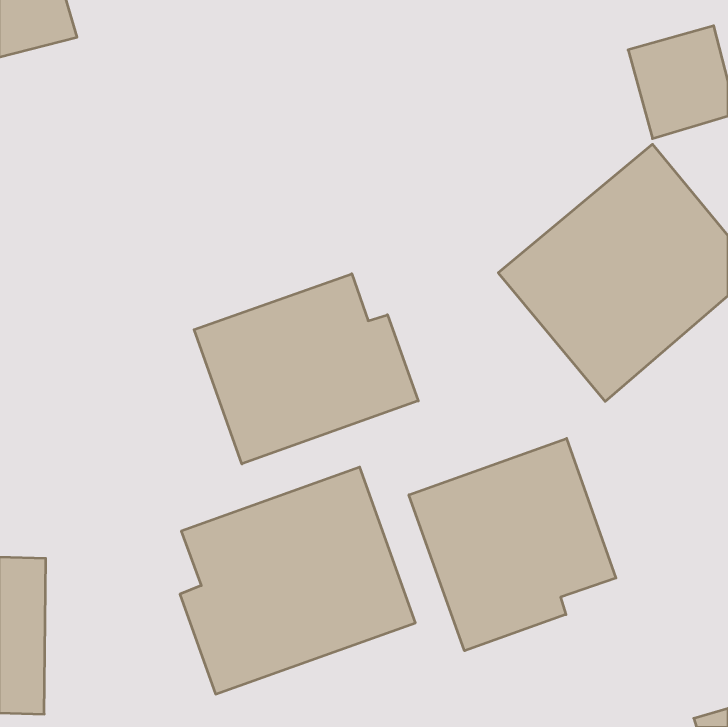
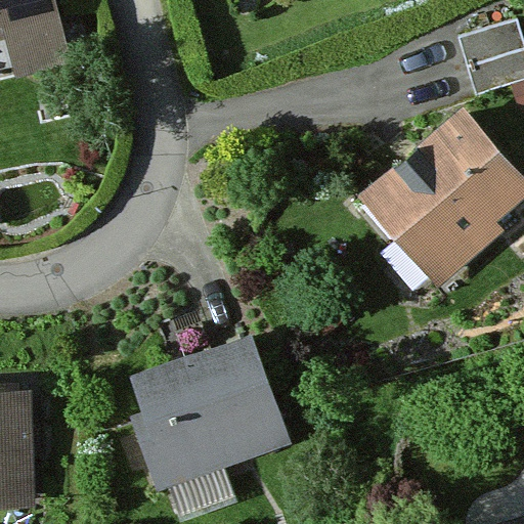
building: [194,274,418,464] -> none
building: [409,438,616,651] -> none

